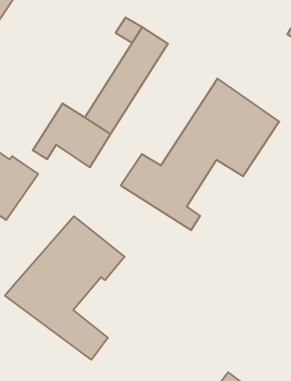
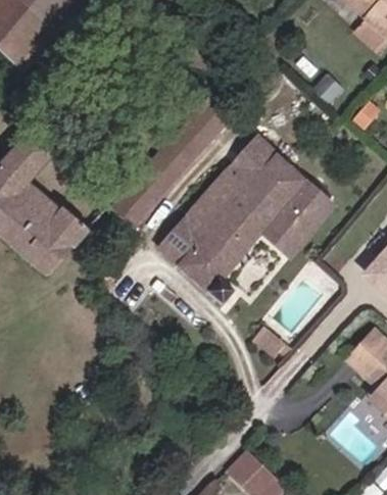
building: none -> [188,138,275,233]
building: [5,216,125,360] -> none

